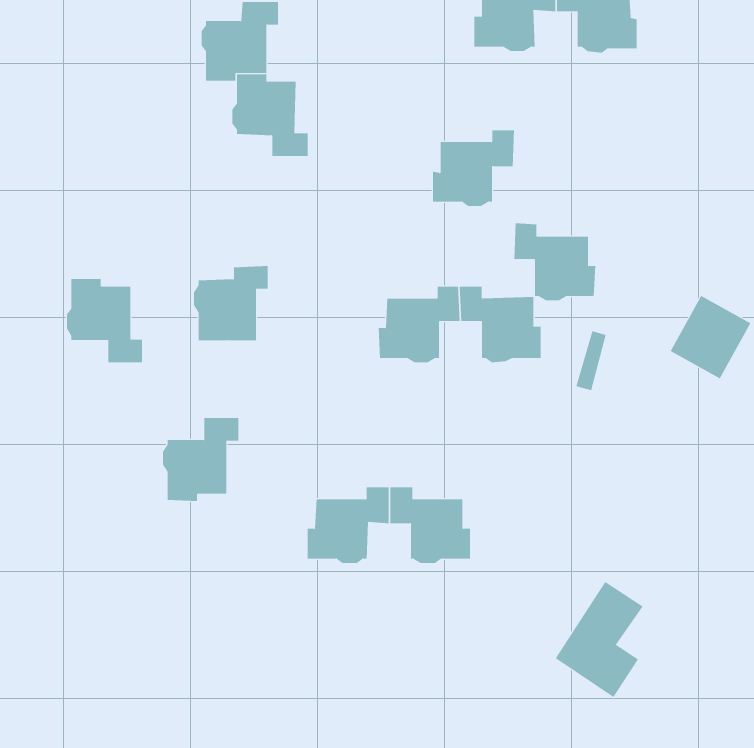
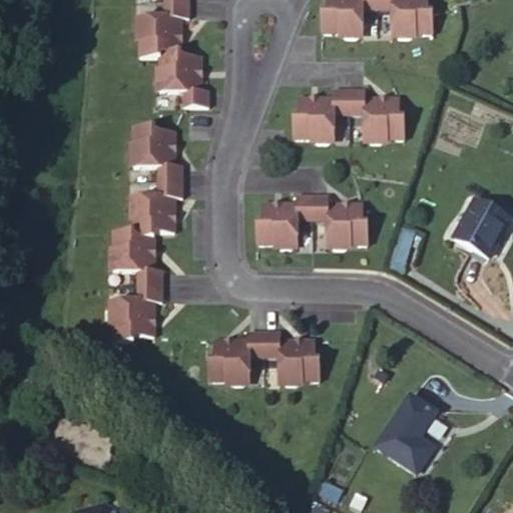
building: none -> [131,130,182,181]
building: [513,223,596,301] -> [349,88,405,141]
building: [66,279,143,363] -> [110,226,162,284]

